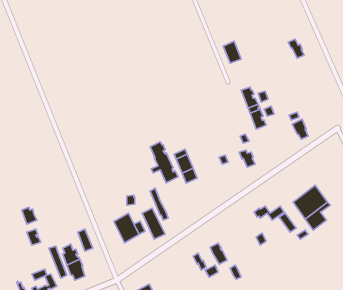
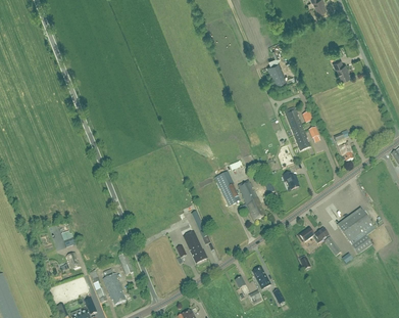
building: [150,142,178,183] -> [238,179,266,221]
building: [114,213,139,243] -> none

